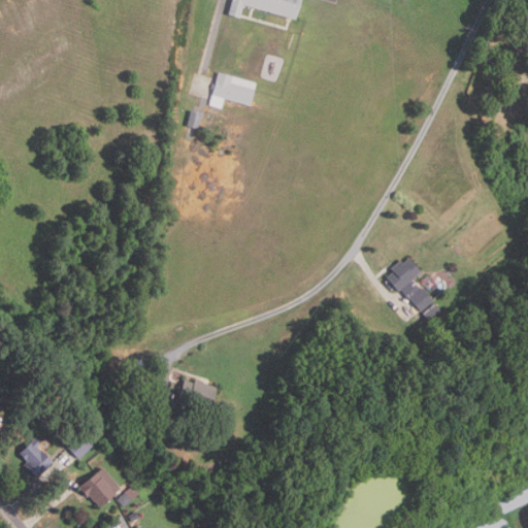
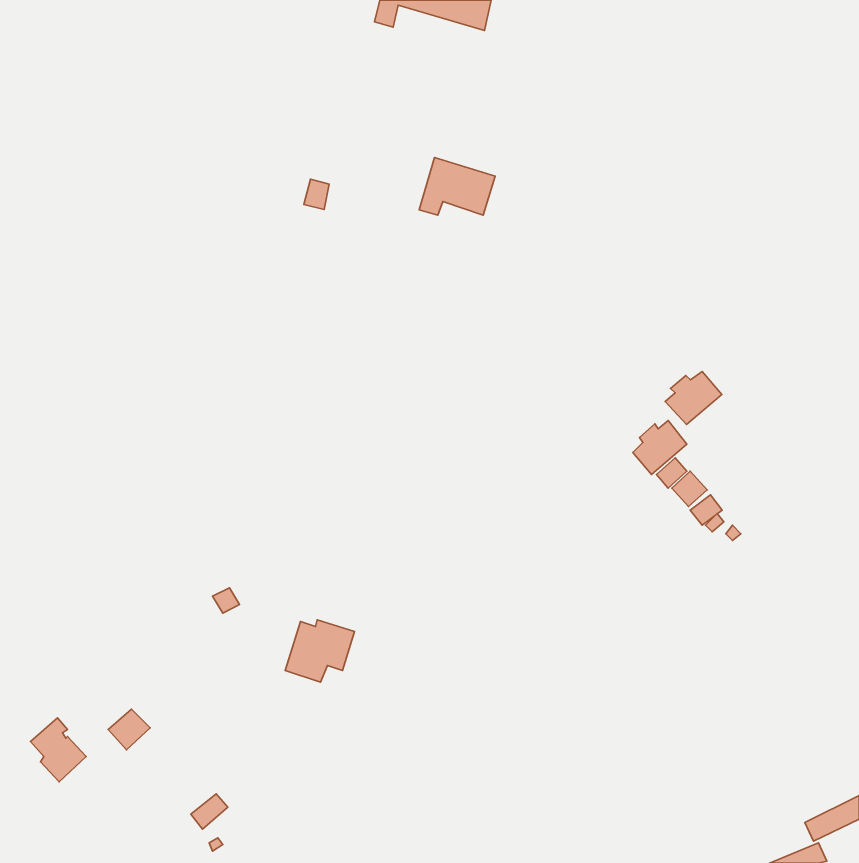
building: [209,71,256,106] -> [419,158,495,215]
building: none -> [665,372,722,424]
building: [78,467,122,506] -> none

